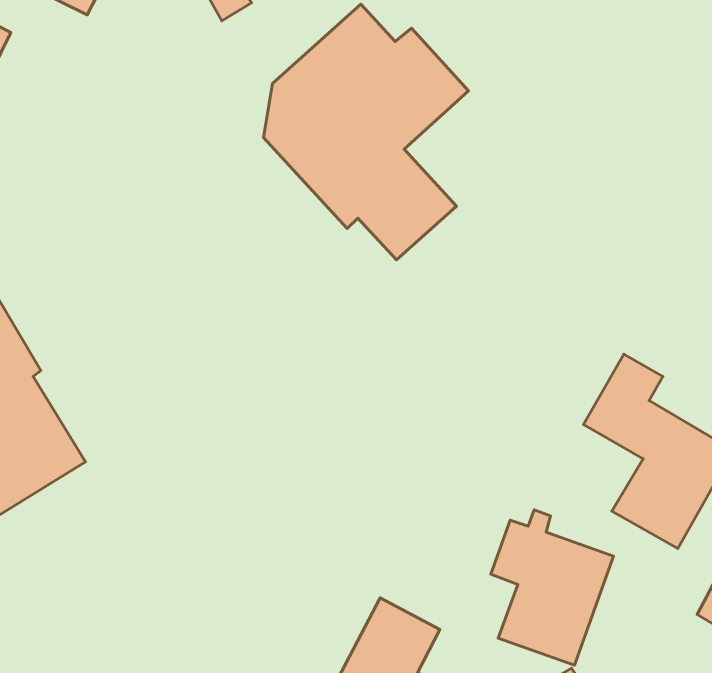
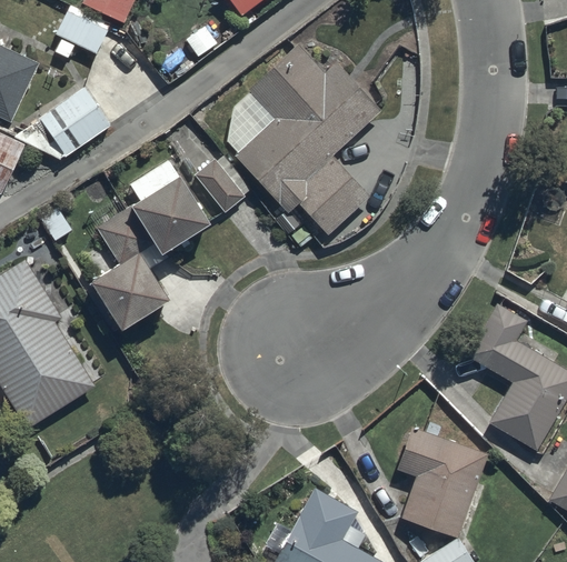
building: none -> [40,88,110,157]
building: none -> [195,153,250,212]
building: none -> [91,159,209,338]

